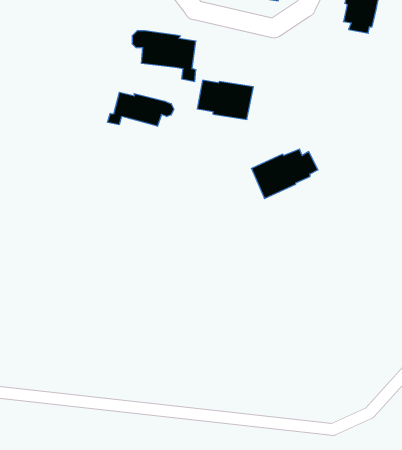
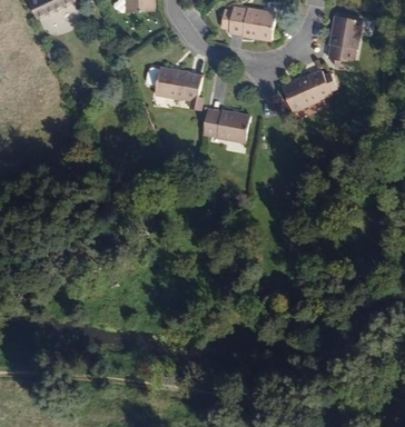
building: [108,92,174,126] -> none
building: [251,149,318,199] -> [281,70,338,112]

